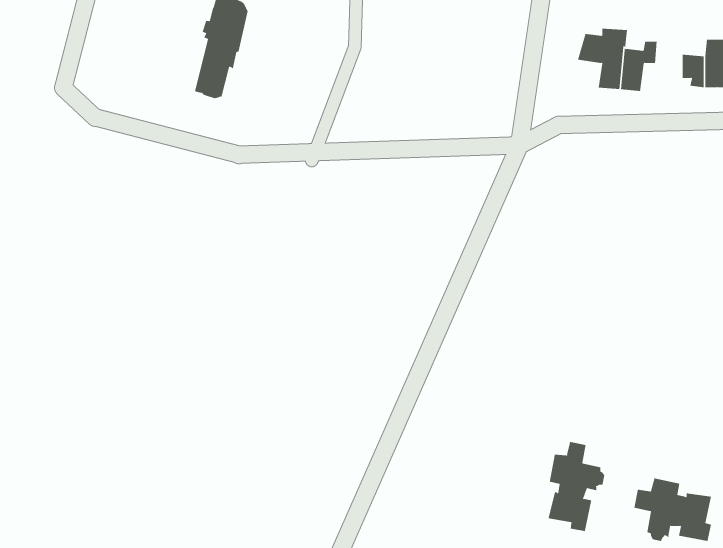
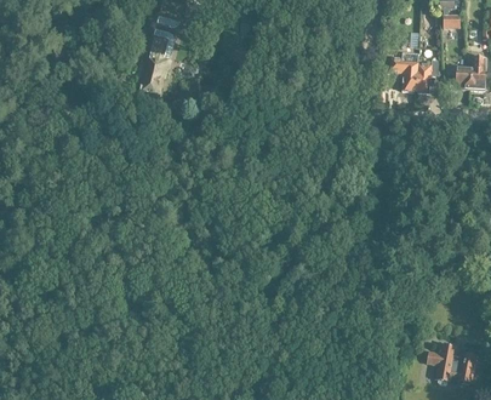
building: [548,441,605,532] -> none

